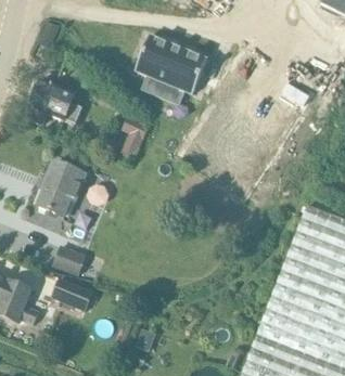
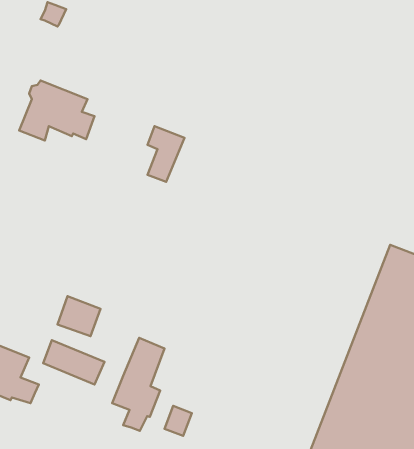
building: [135,35,206,104] -> none
building: [34,159,85,217] -> none
building: none -> [112,338,165,431]

